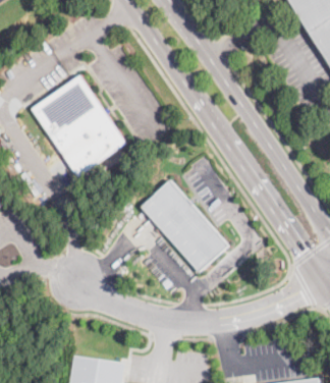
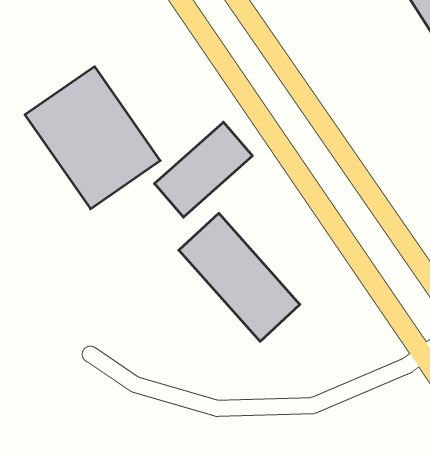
building: none -> [154,122,252,217]

